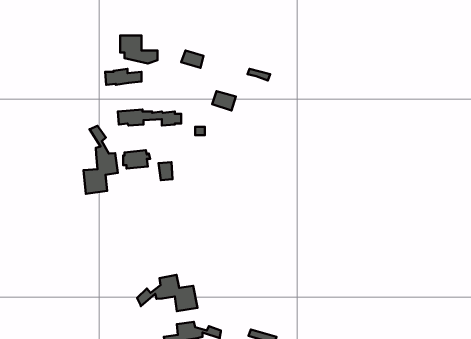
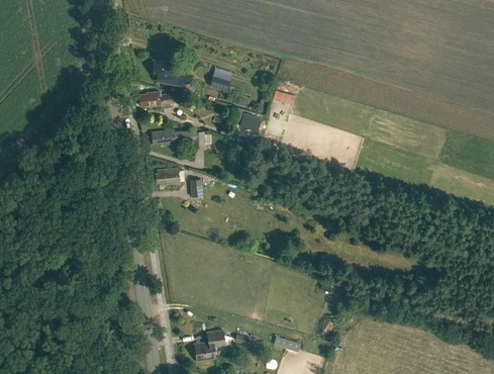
building: [84,126,118,194] -> none
building: [137,275,197,311] -> none

